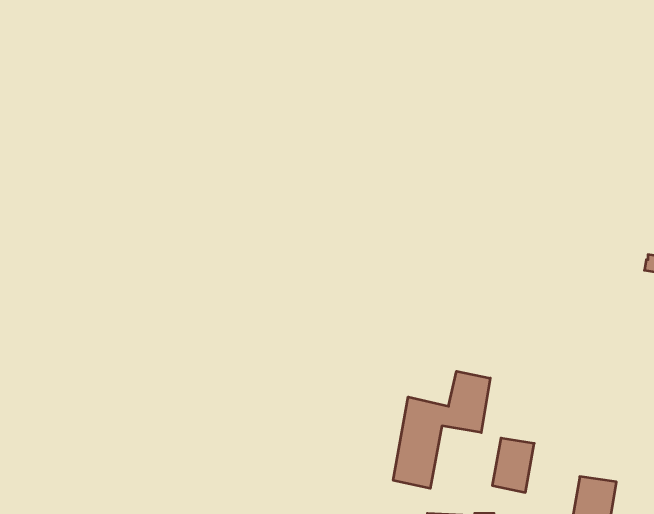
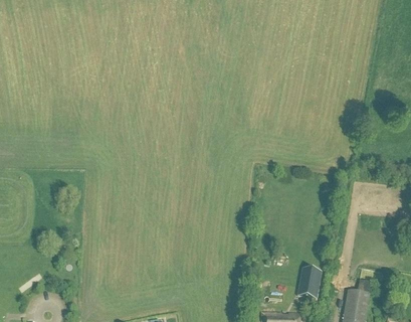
building: [393,371,490,488] -> none

